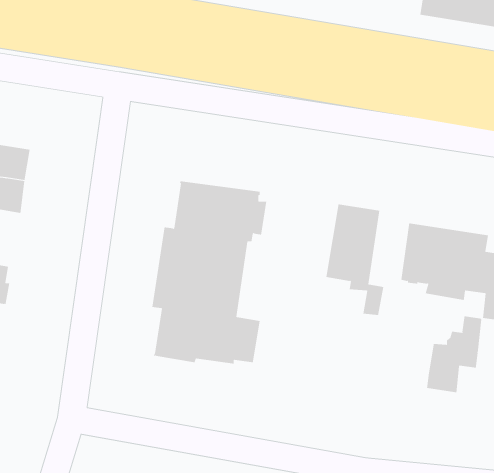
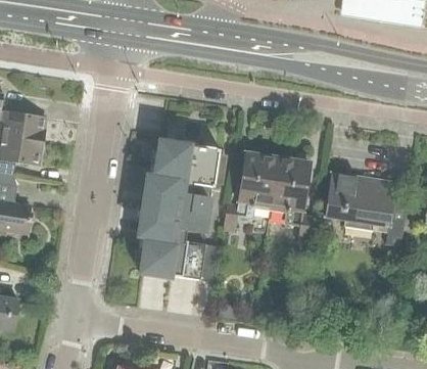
building: none -> [223,152,278,231]
building: [426,316,482,393] -> none

